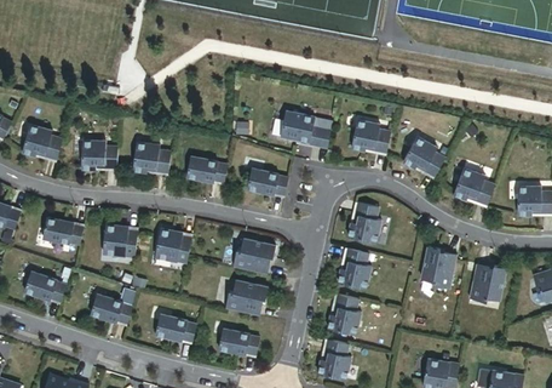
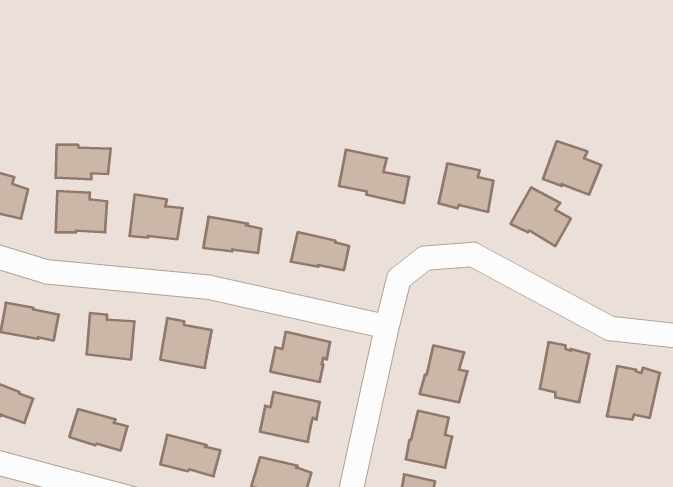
building: none -> [56,145,110,179]
building: [454,166,495,204] -> [543,141,601,194]
building: [347,201,381,241] -> none

